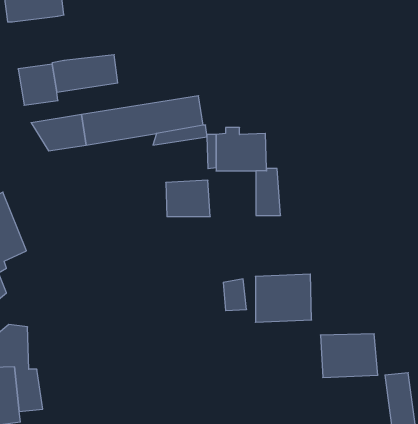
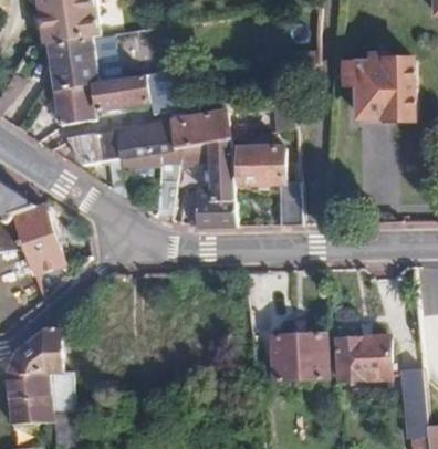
building: none -> [49,36,97,86]
building: none -> [345,54,416,118]
building: [255,274,312,322] -> [275,332,328,377]

